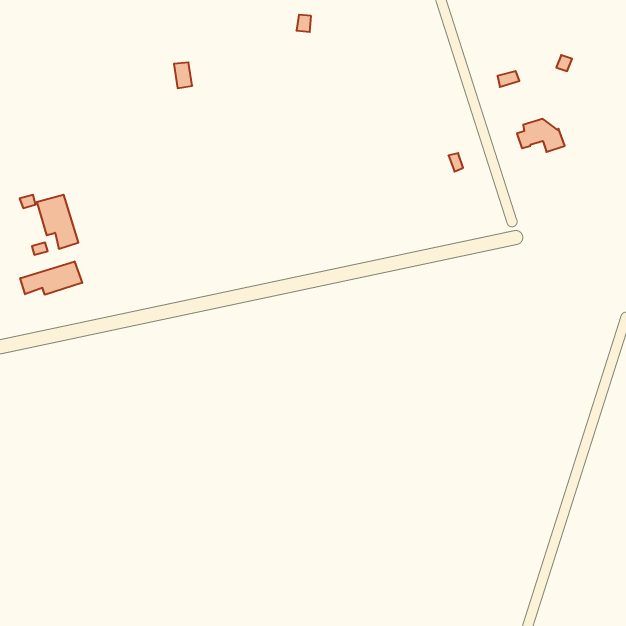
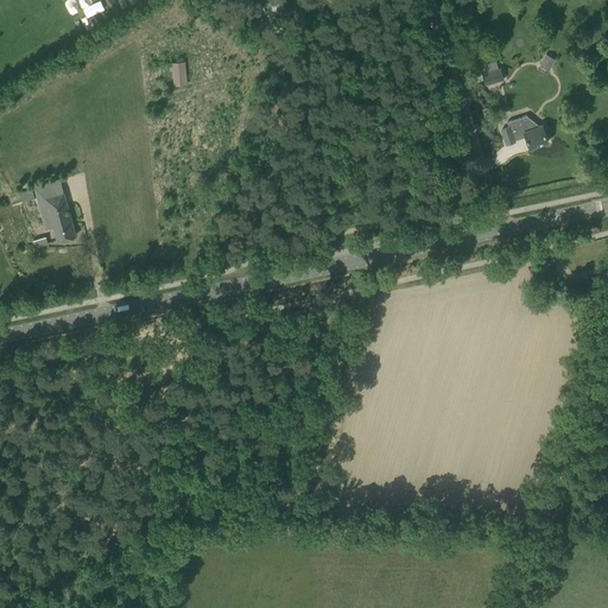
building: [20,261,82,295] -> none

